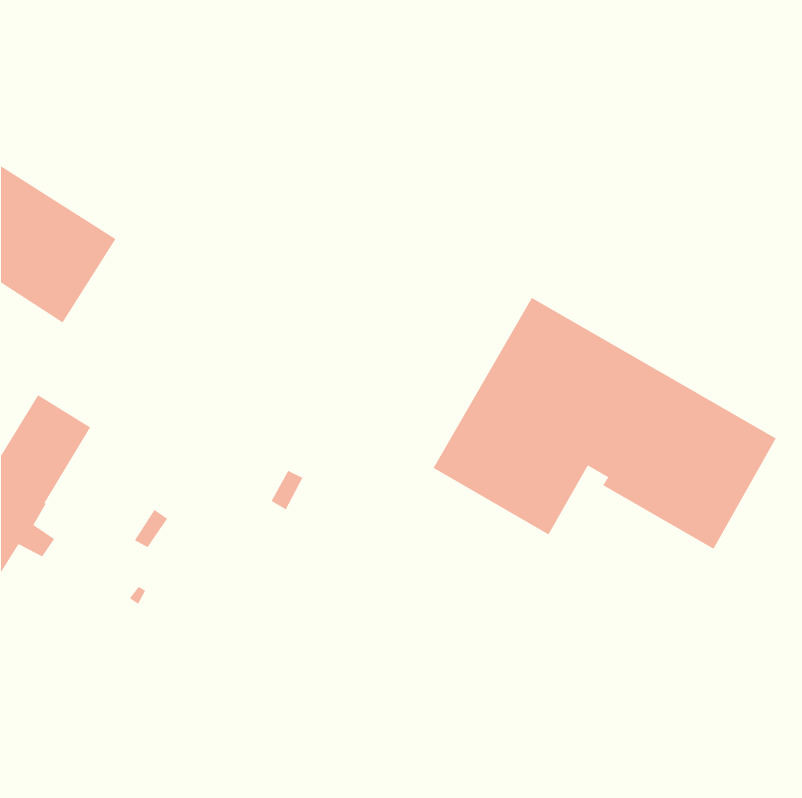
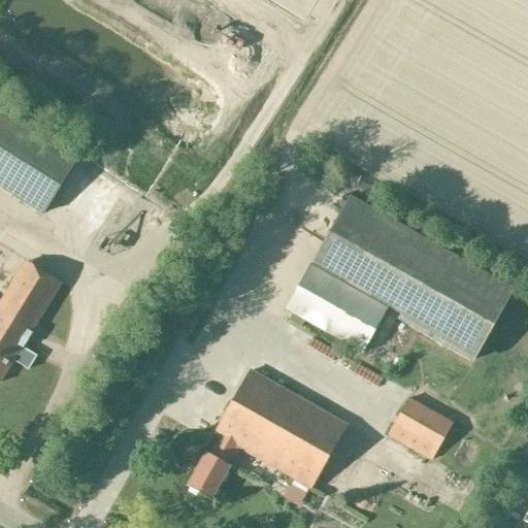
building: none -> [188,368,346,497]
building: none -> [386,395,453,459]

